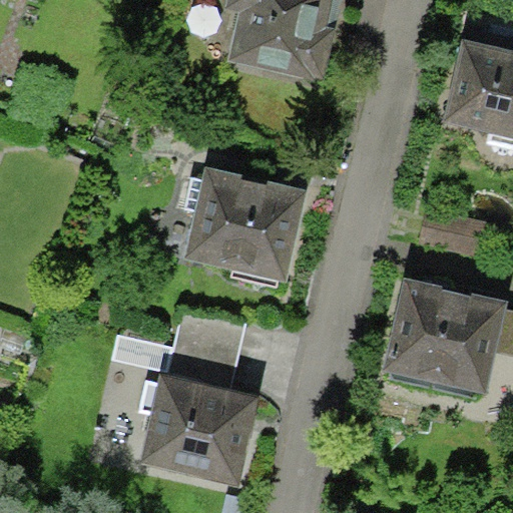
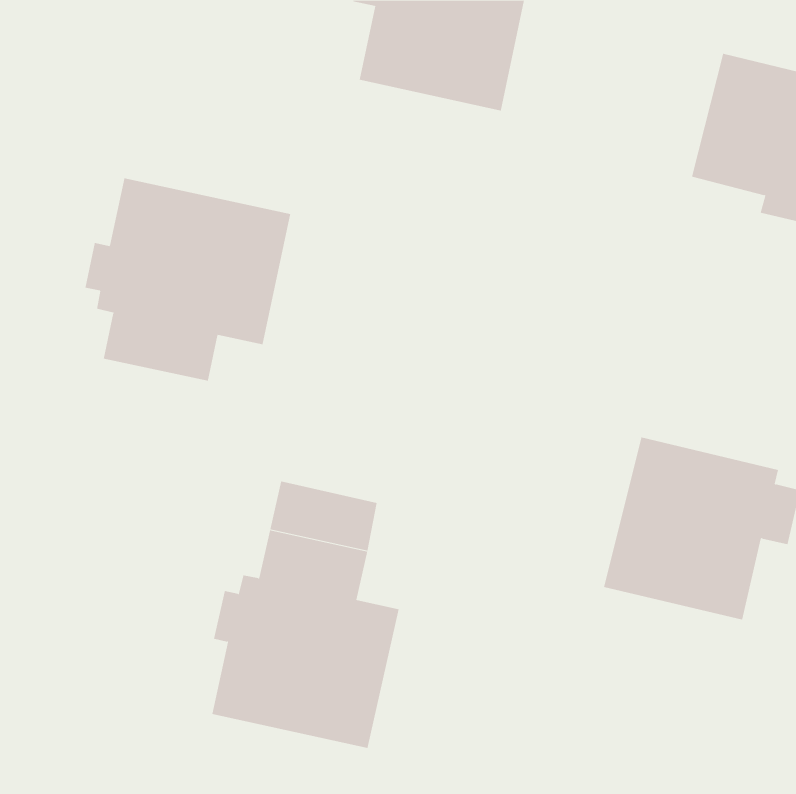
building: none -> [85,177,291,382]
building: [185,168,302,288] -> none

